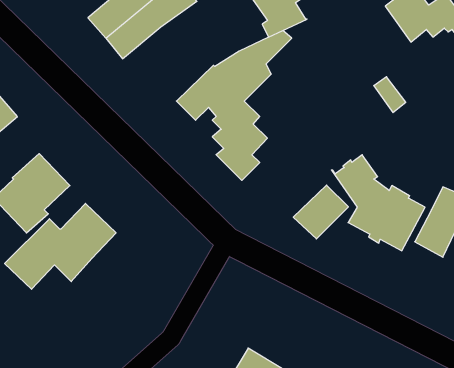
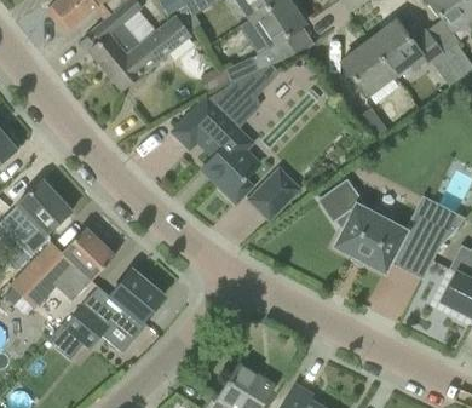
building: none -> [341,41,393,96]
building: [293,185,348,239] -> [246,172,298,223]
building: none -> [48,270,163,358]

